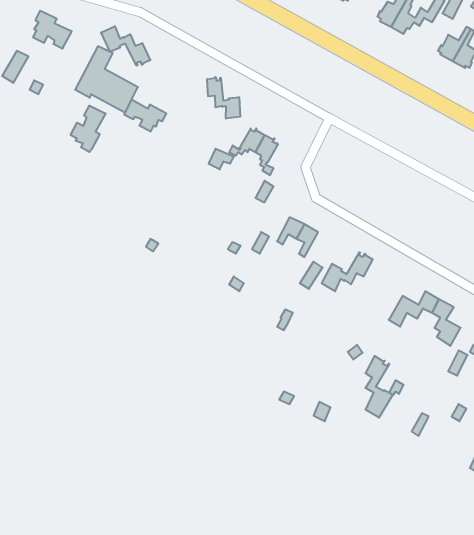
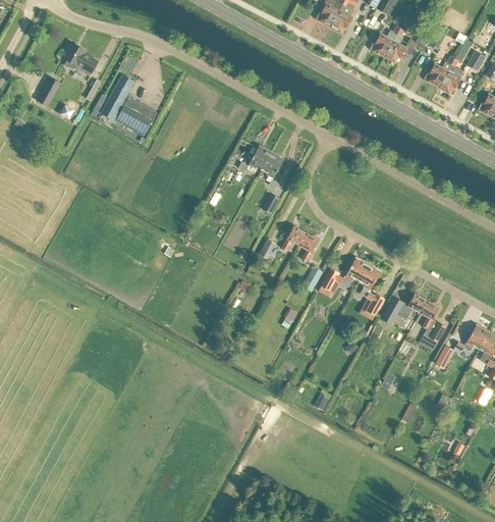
building: [101,26,150,65] -> none
building: [207,77,240,119] -> none
building: [124,99,166,132] -> none
building: [71,106,106,152] -> none
building: [365,356,393,418] -> [359,264,383,319]

